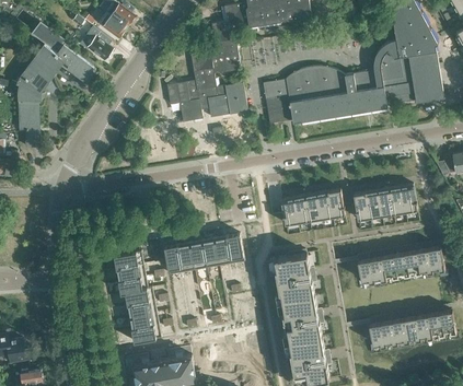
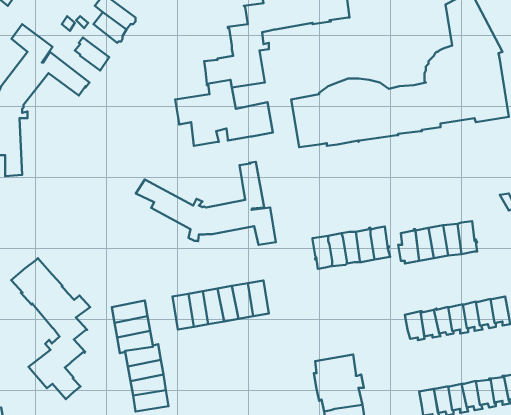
building: none -> [136,162,276,245]
building: none -> [11,258,90,399]
building: [275,252,315,302] -> none

